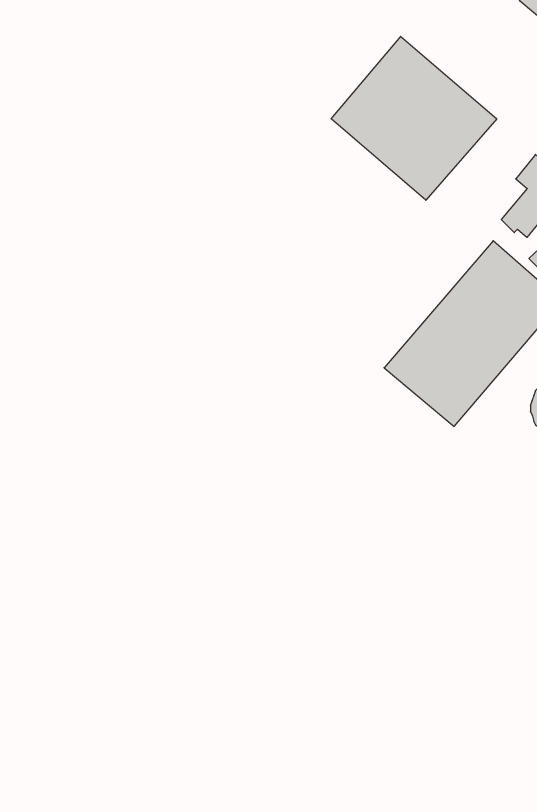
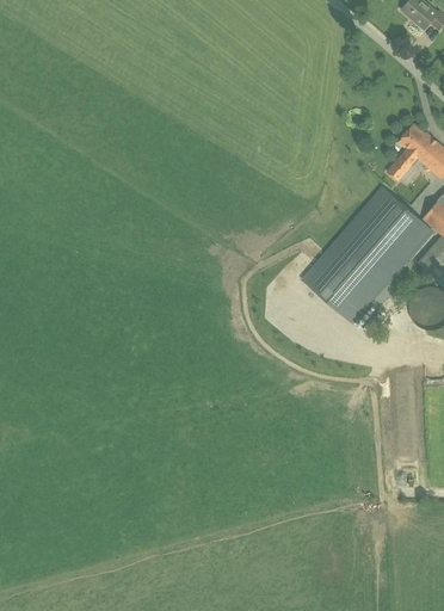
building: [331,36,497,200] -> none

